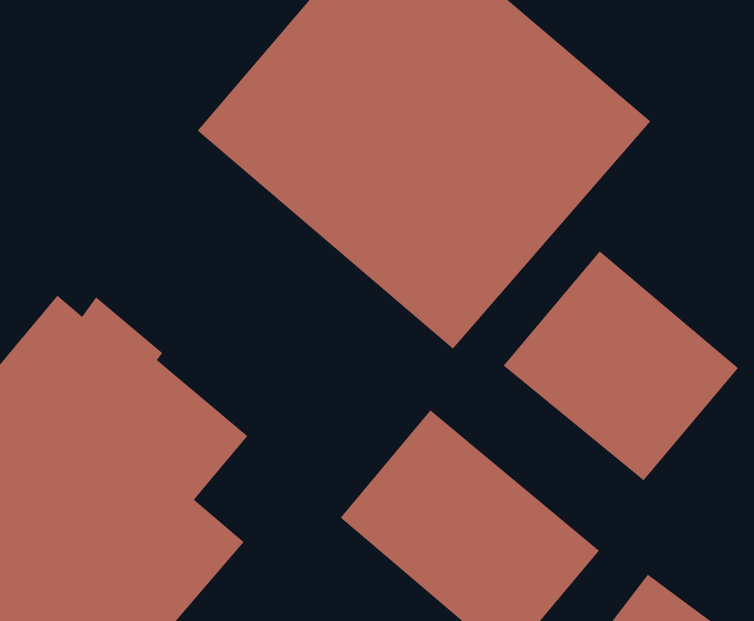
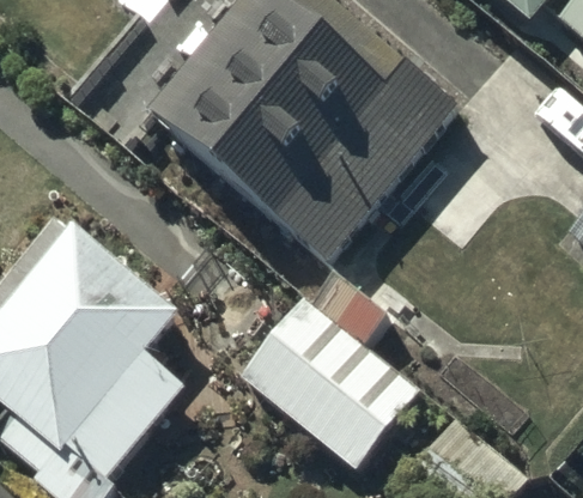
building: [503,250,739,481] -> none

